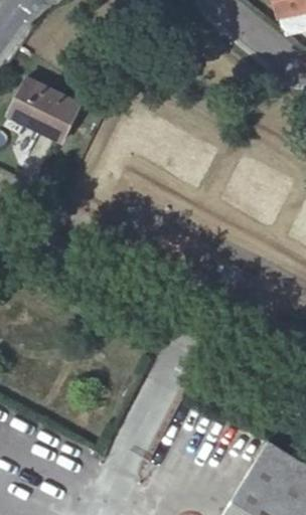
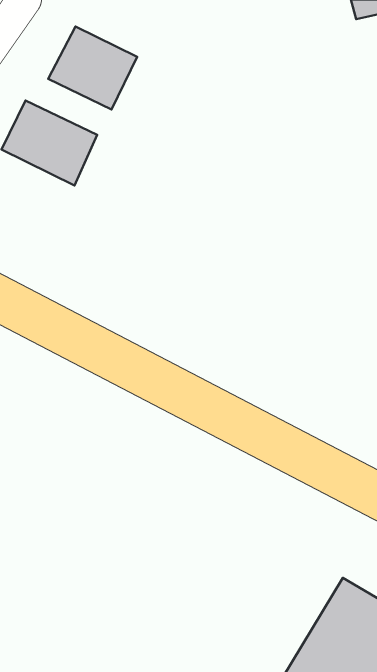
building: none -> [48,27,137,109]

